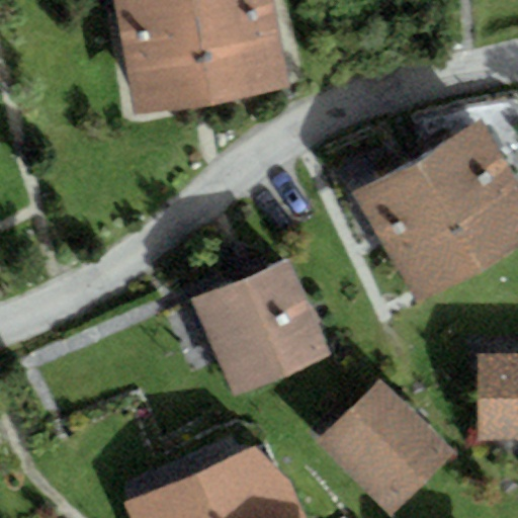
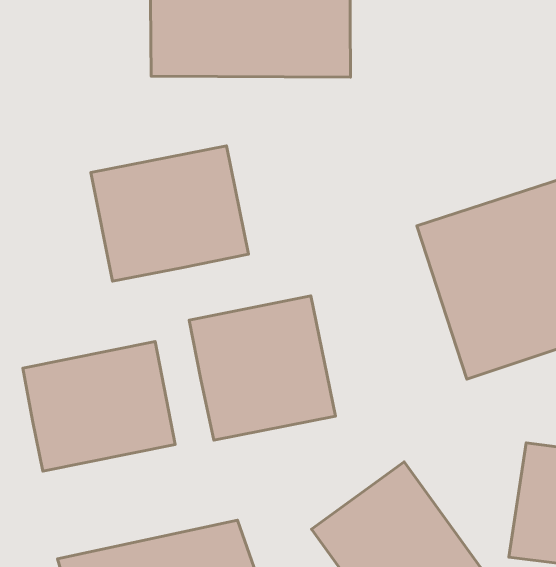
building: none -> [91,146,248,281]
building: none -> [23,342,175,471]

